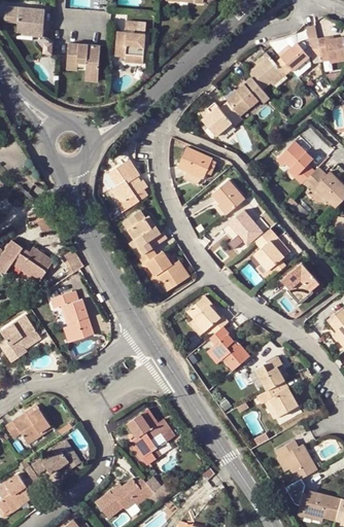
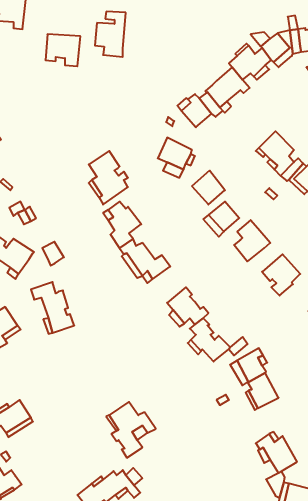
building: [32,450,80,473] -> none

